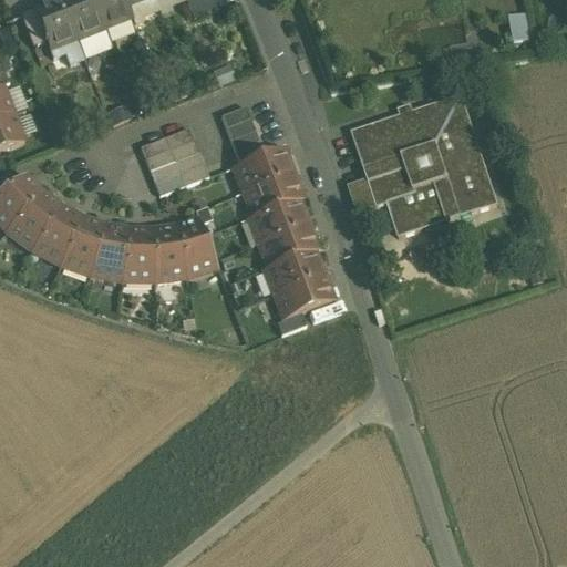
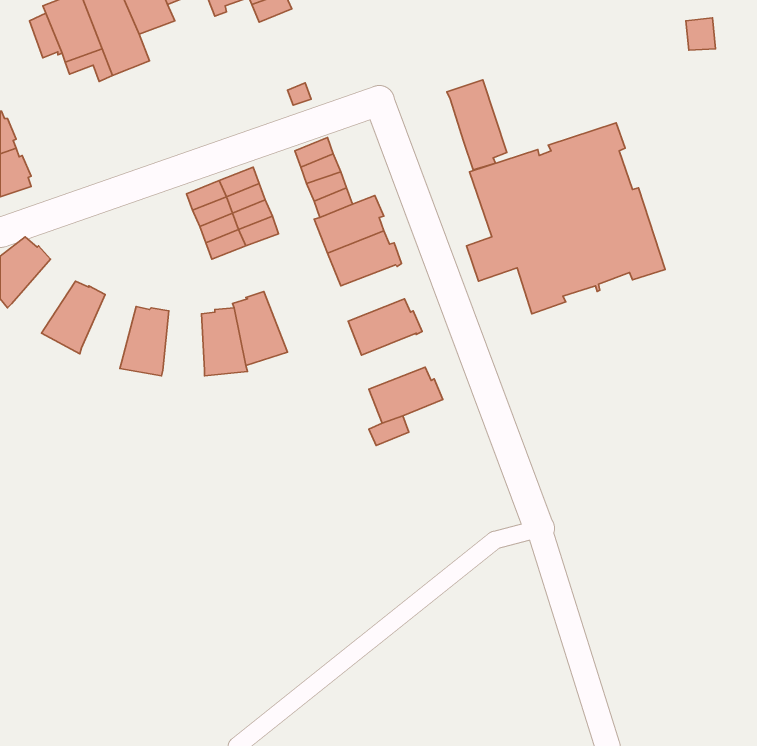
building: none -> [447,80,507,170]
building: [9,192,60,246] -> none
building: [250,198,302,240] -> none
building: [61,218,103,271] -> none
building: [122,228,153,277] -> none
building: [266,249,318,291] -> none

